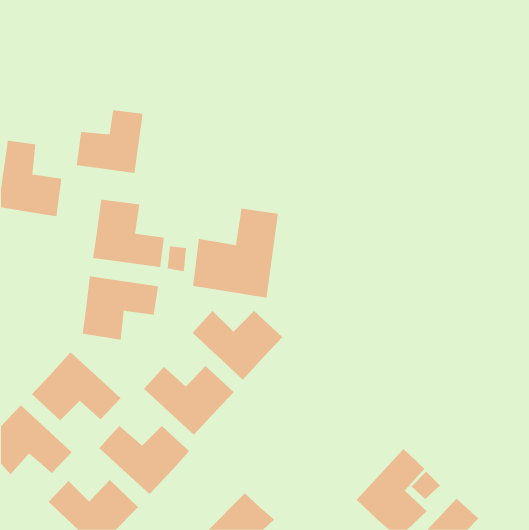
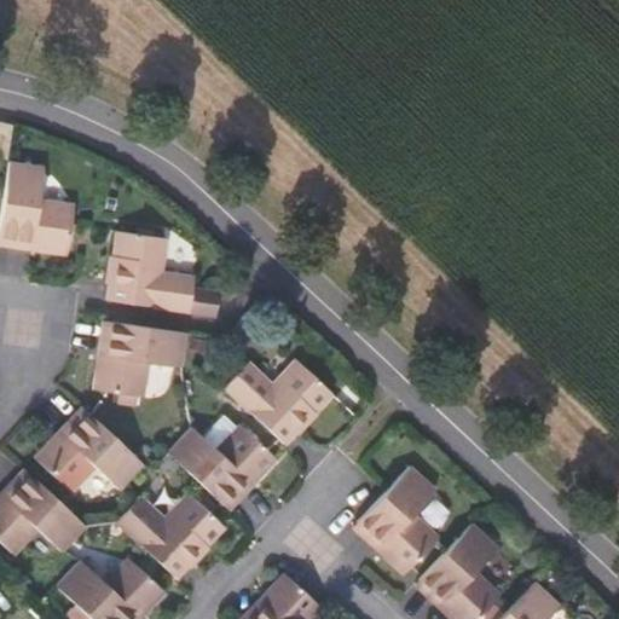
building: [76,110,143,174] -> none
building: [192,208,278,298] -> none
building: none -> [354,465,436,572]

